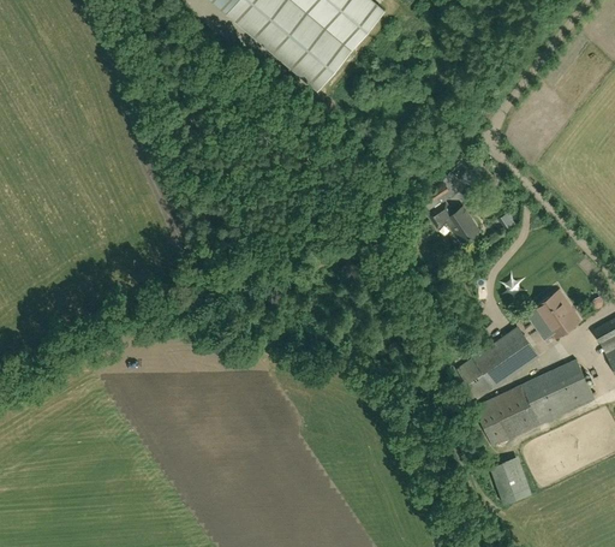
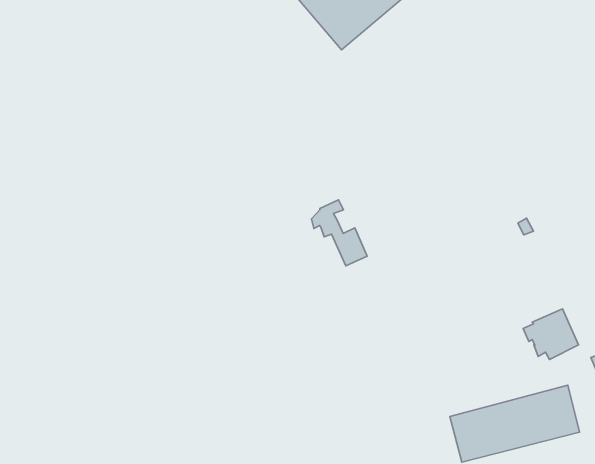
building: [423,184,479,243] -> [312,200,367,266]
building: [456,328,537,399] -> none

